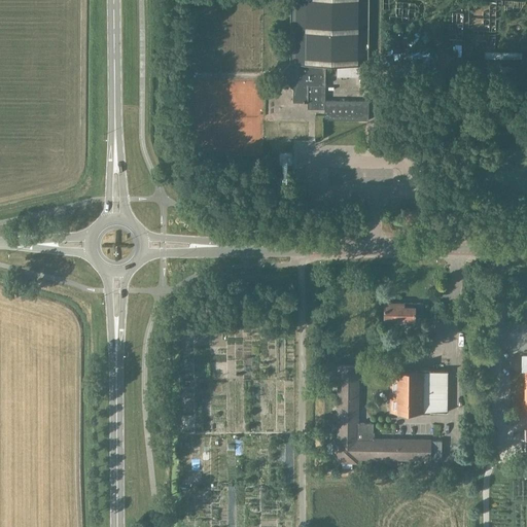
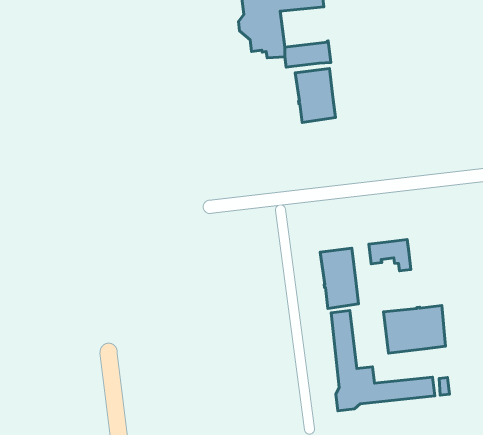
building: none -> [295,68,335,123]
building: none -> [320,248,359,309]

